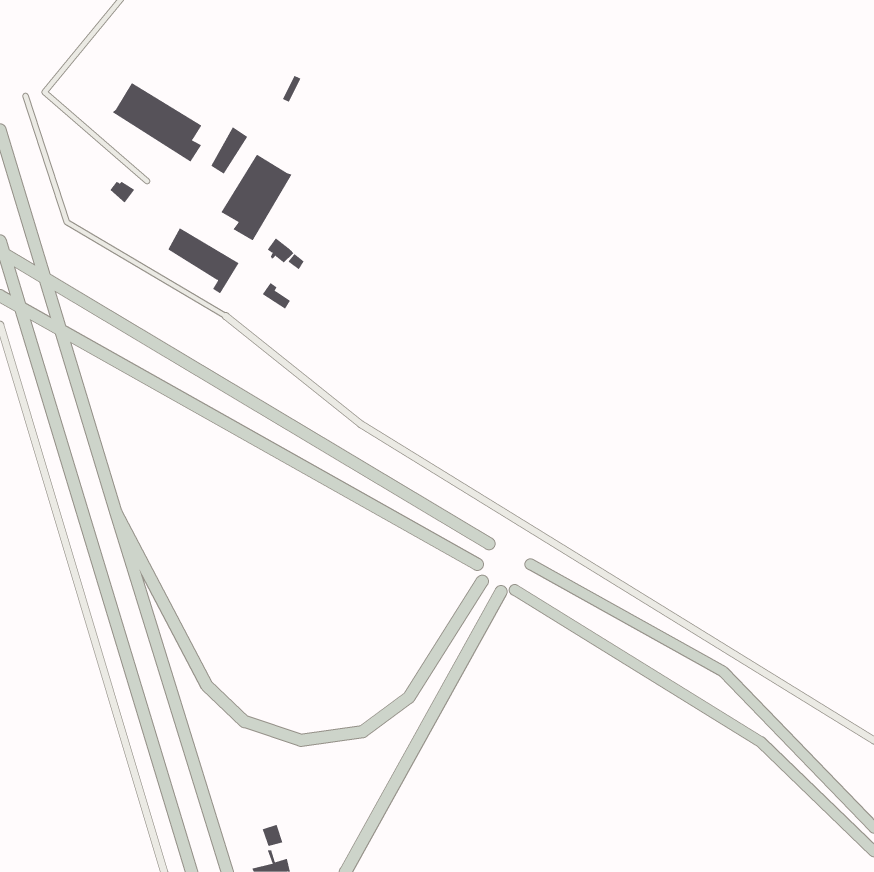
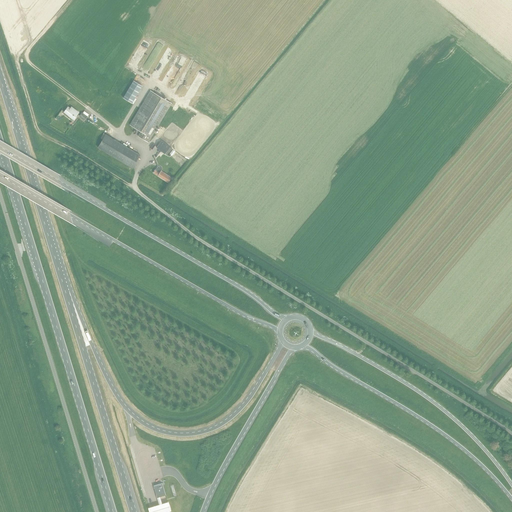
building: [112,82,202,163] -> none

